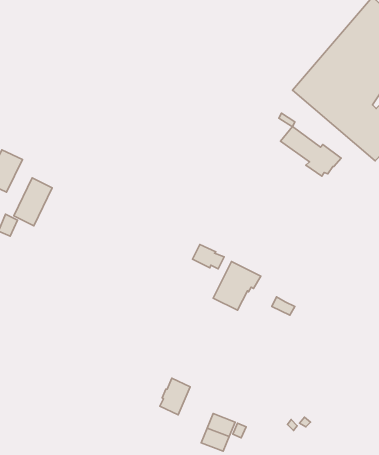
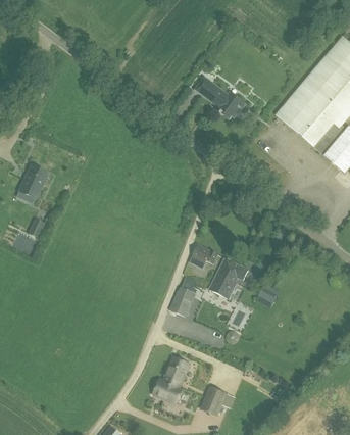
building: [280,126,341,176] -> [195,77,246,118]
building: [14,178,52,226] -> none
building: none -> [169,285,196,317]
building: none -> [154,378,184,402]

